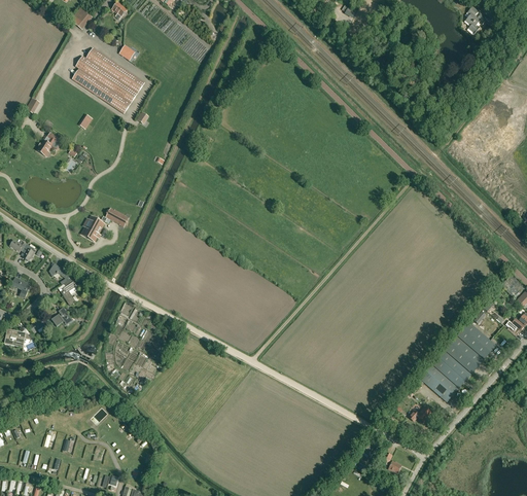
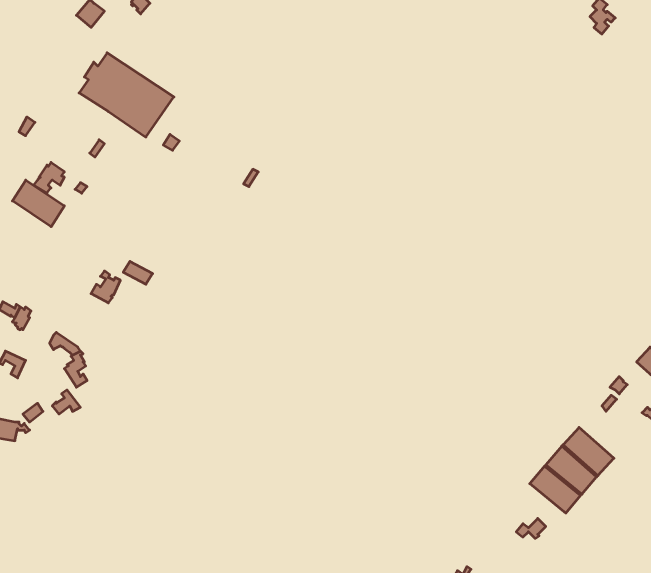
building: none -> [12,180,64,227]
building: [458,323,497,359] -> none

